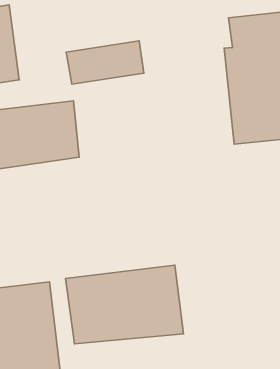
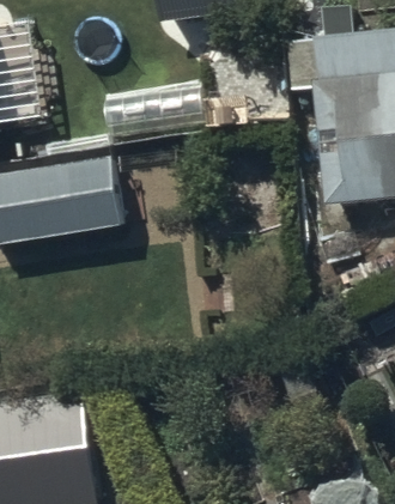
building: [65,265,184,344] -> none

